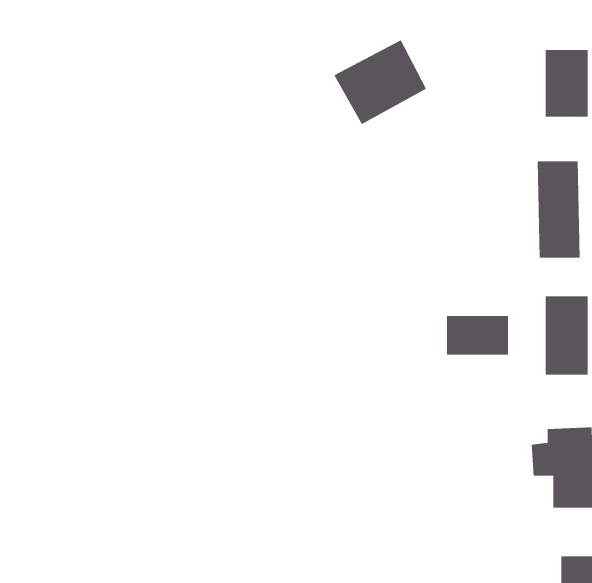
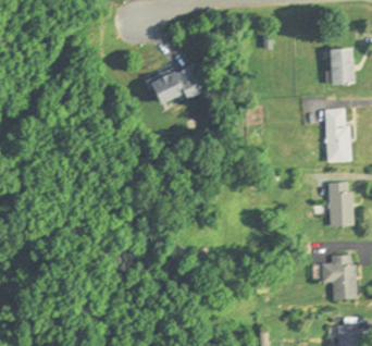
building: [334,39,427,125] -> [149,62,200,109]
building: [446,315,509,356] -> none

